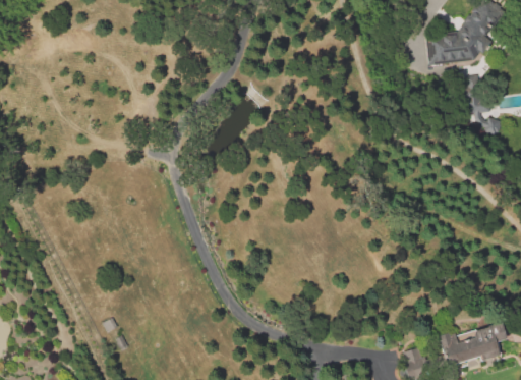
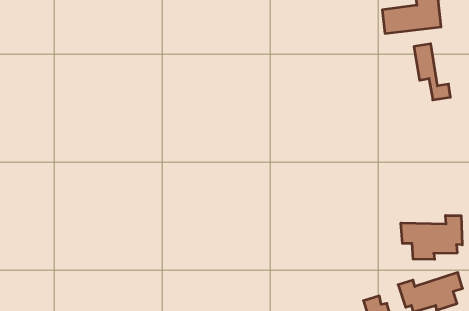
building: none -> [401,215,462,259]

